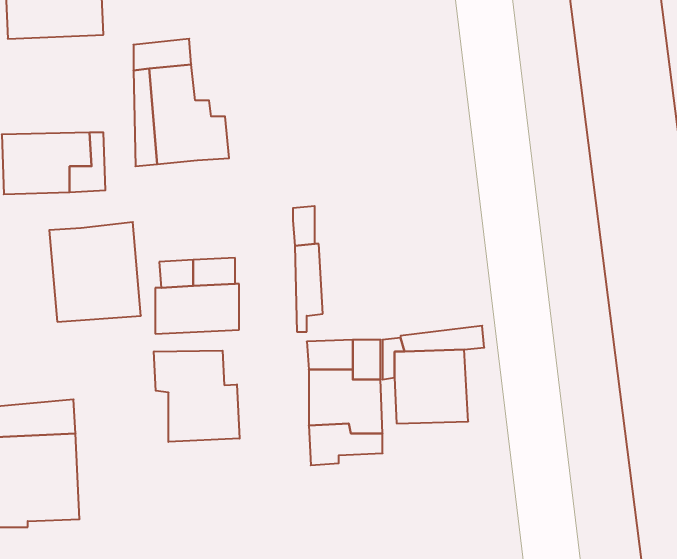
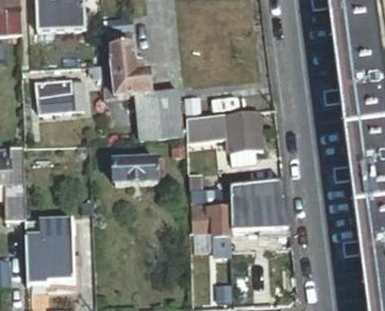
building: none -> [224,109,265,165]
building: [49,222,141,322] -> [136,90,183,141]
building: [154,351,240,442] -> none

